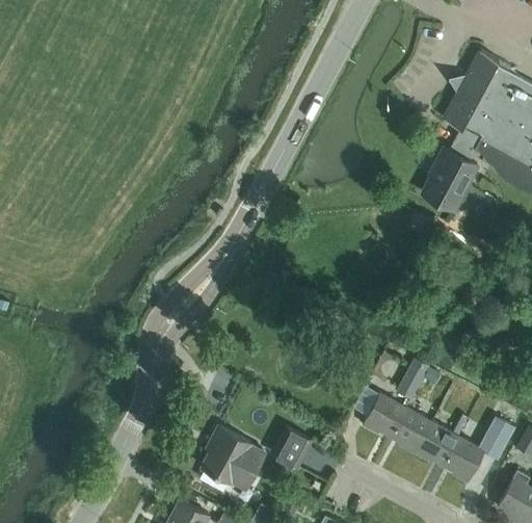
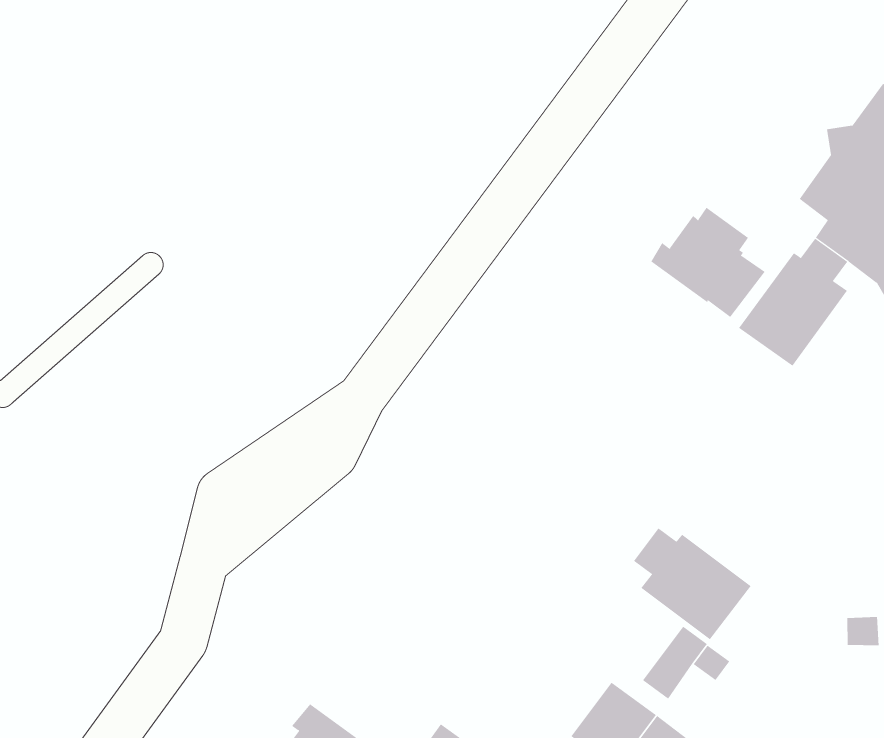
building: none -> [651,207,765,318]
building: none -> [633,528,752,640]

